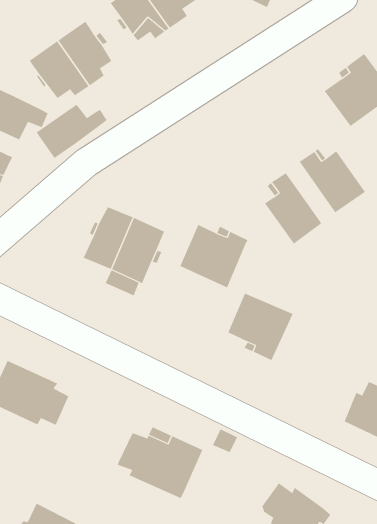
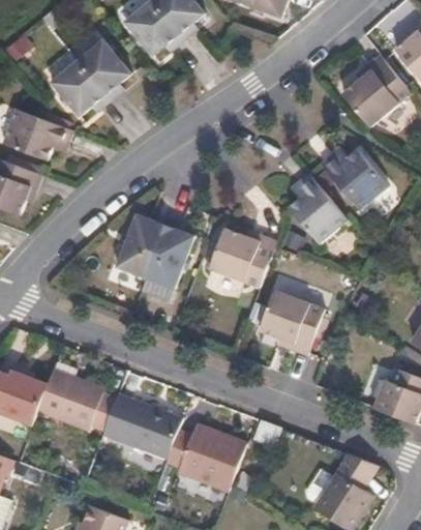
building: [36,104,108,159] -> none
building: none -> [101,395,182,461]
building: none -> [337,454,381,490]

